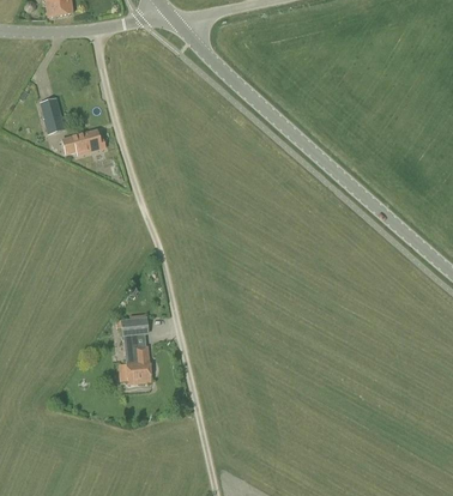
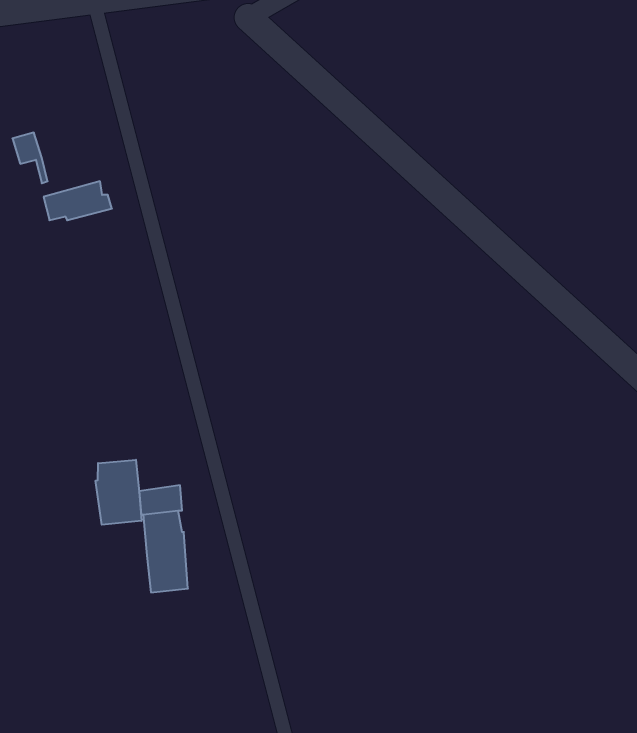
building: none -> [96,460,142,525]

